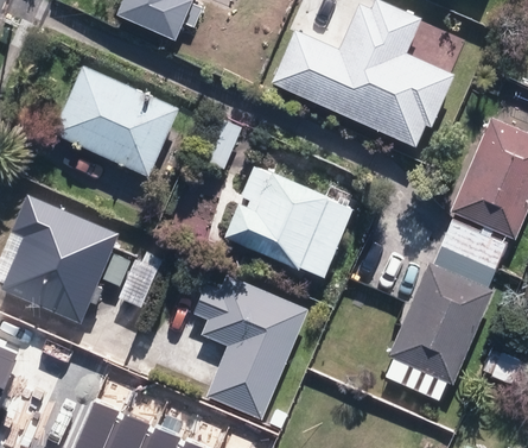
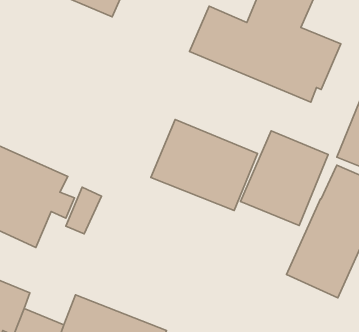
building: [52,65,180,176] -> none
building: none -> [241,131,328,225]
building: [192,275,308,418] -> none

